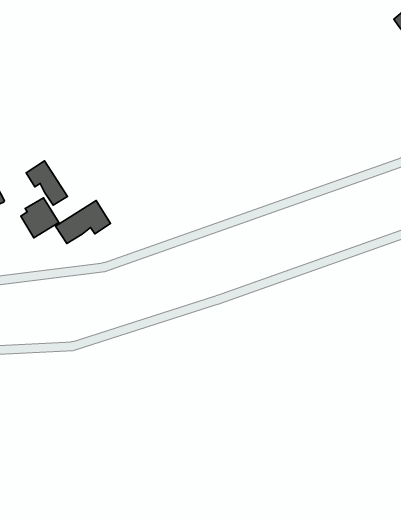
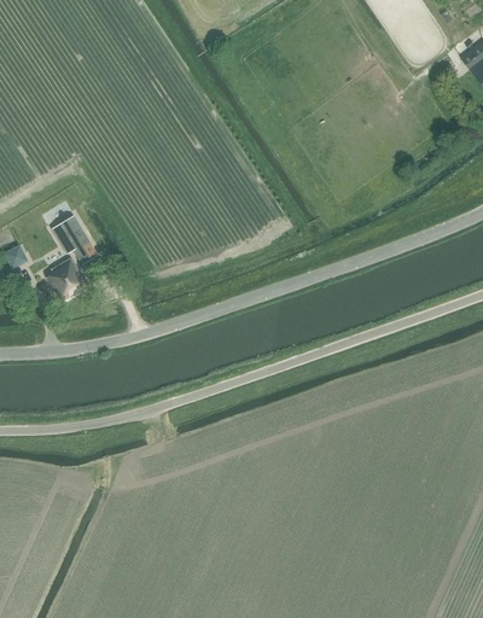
building: [56,200,111,243] -> none

